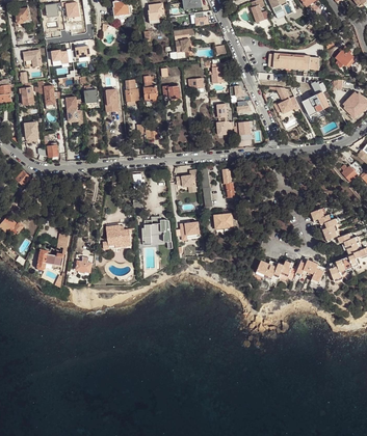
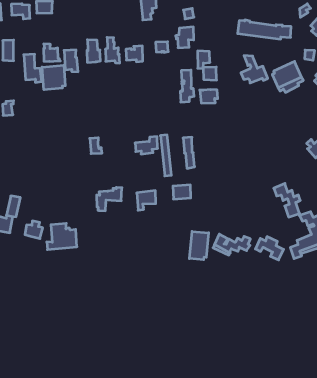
building: none -> [42,65,65,90]
building: [102,223,131,249] -> [47,223,77,250]
building: none -> [189,231,209,260]

